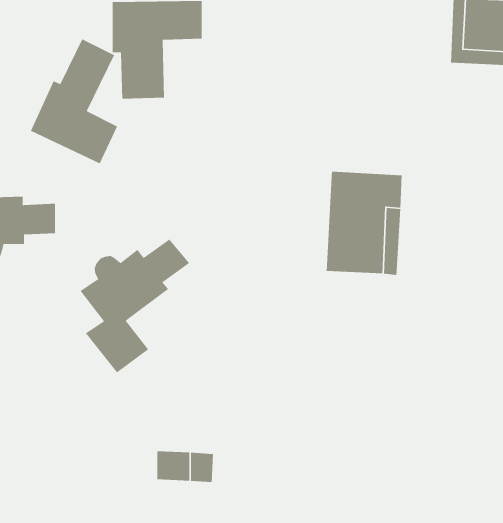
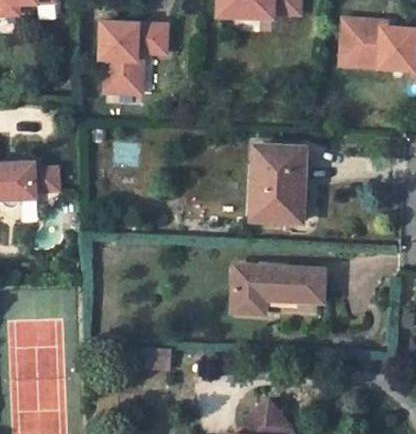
building: [30,38,118,165] -> none
building: [79,238,190,373] -> none
building: none -> [234,264,325,313]

